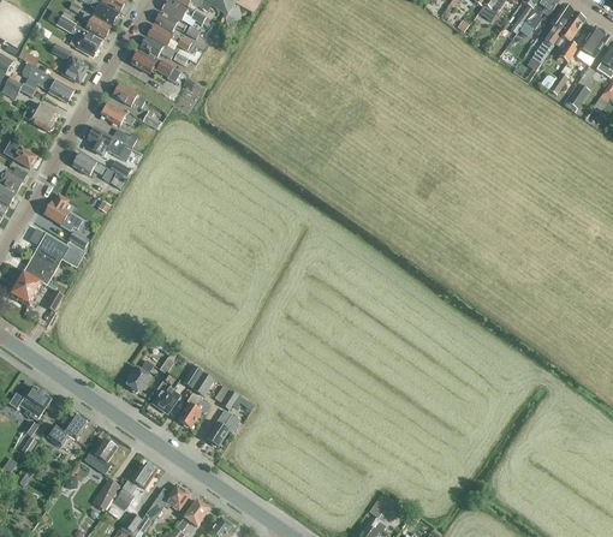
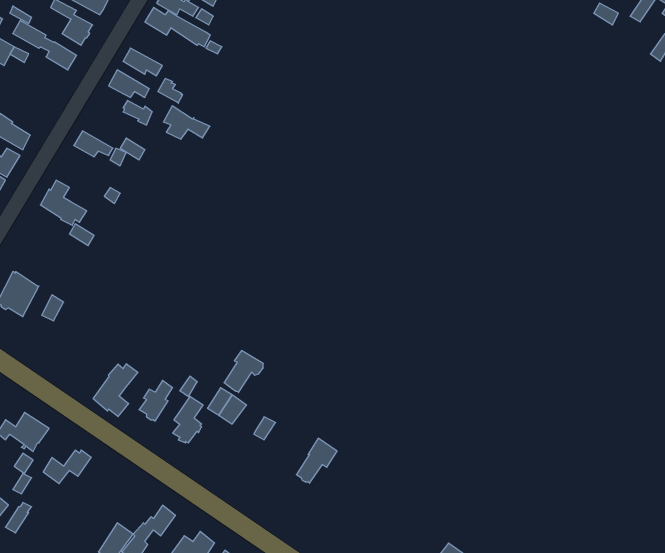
building: [23,102,59,131] -> none
building: [88,126,126,154] -> [163,106,210,139]
building: [24,227,85,284] -> none
building: none -> [93,364,138,417]
building: [178,393,210,428] -> [224,351,263,393]
building: [207,408,240,446] -> [296,438,337,483]
building: [84,437,118,475] -> none

